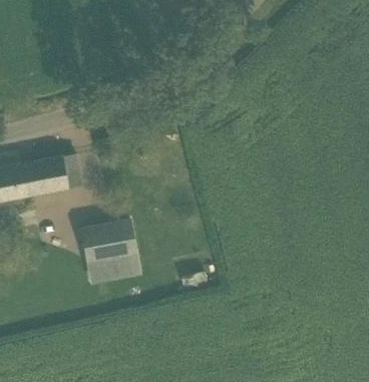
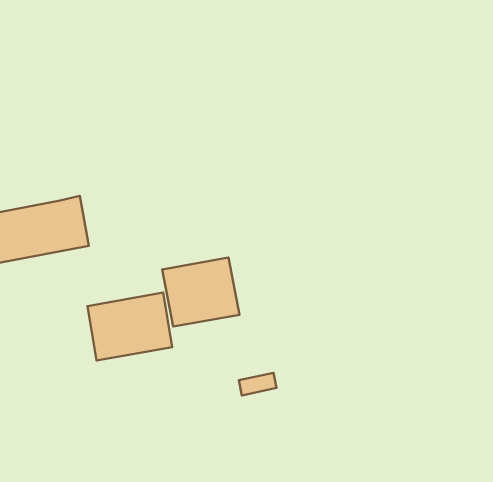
building: none -> [162,258,239,327]

